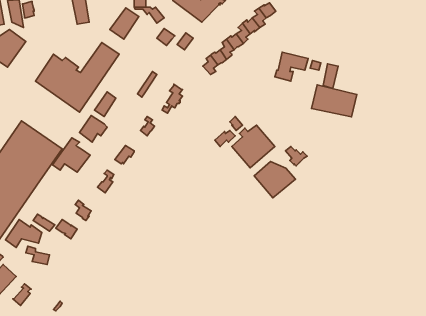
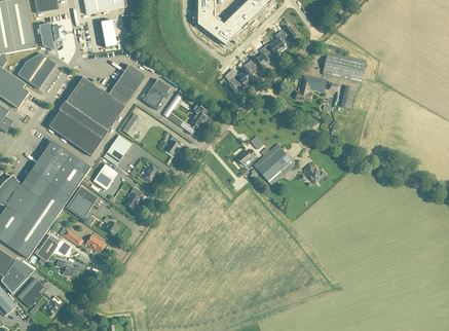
building: [110,8,139,39] -> [142,79,170,109]
building: none -> [48,102,107,156]
building: [312,85,357,117] -> [322,51,365,82]
building: [254,162,296,198] -> none
building: none -> [66,186,97,219]

